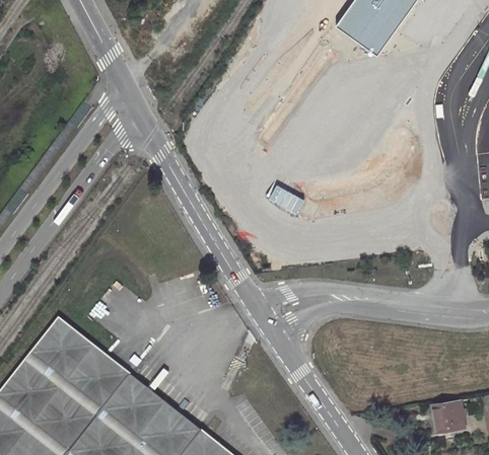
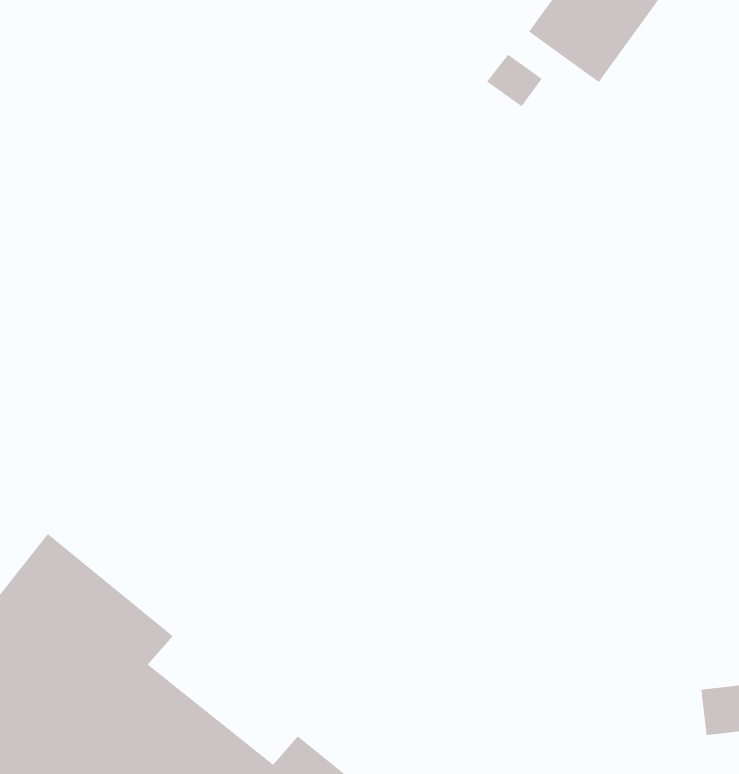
building: none -> [486,54,542,107]
building: [117,374,202,447] -> none

